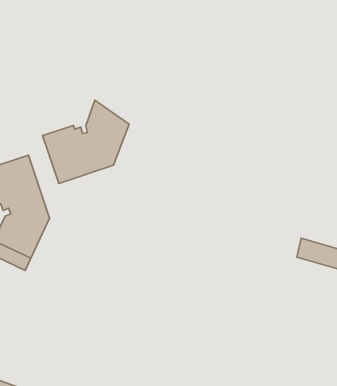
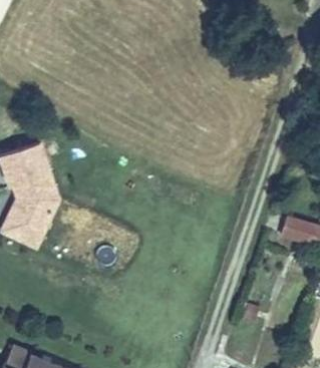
building: [43,100,129,184] -> none

